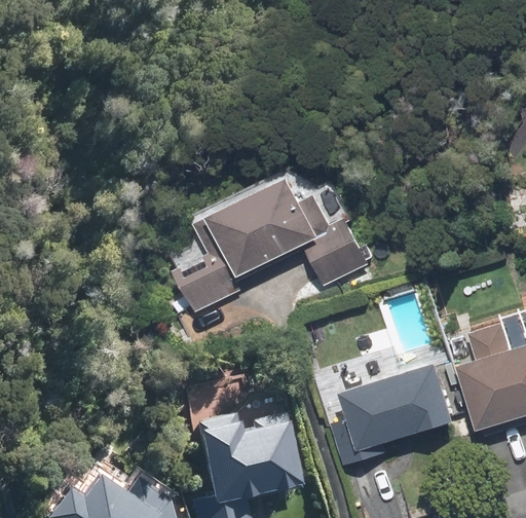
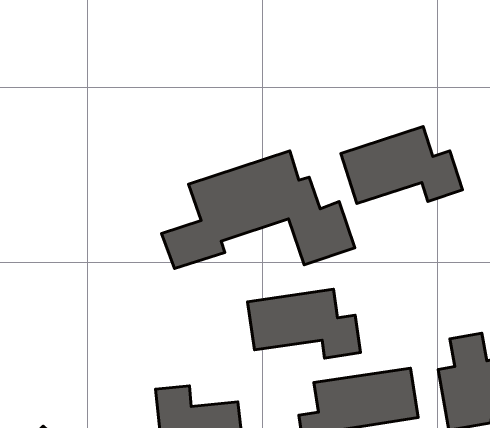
building: none -> [341,126,462,204]
building: none -> [247,289,361,358]

